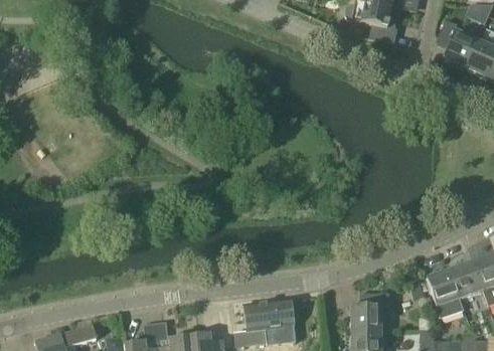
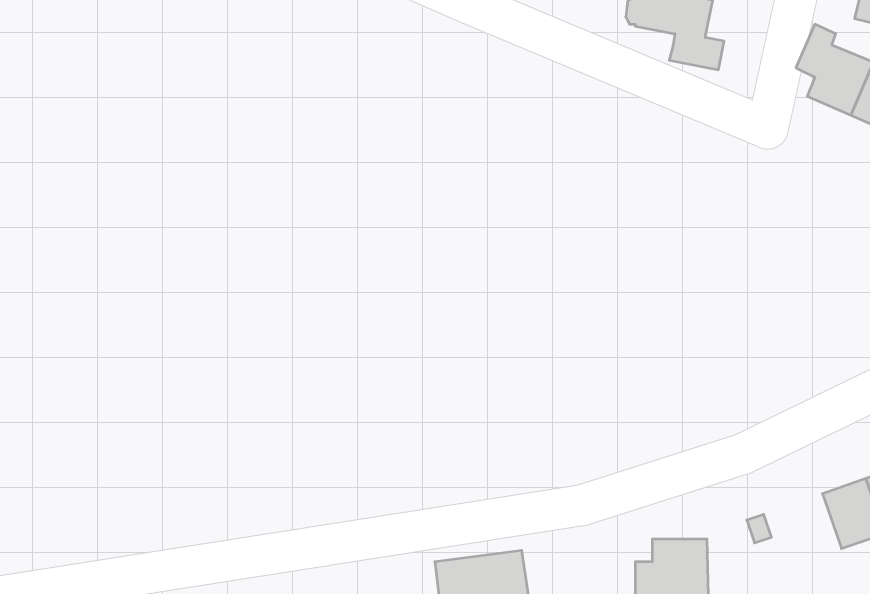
building: [427,269,461,306] -> none

